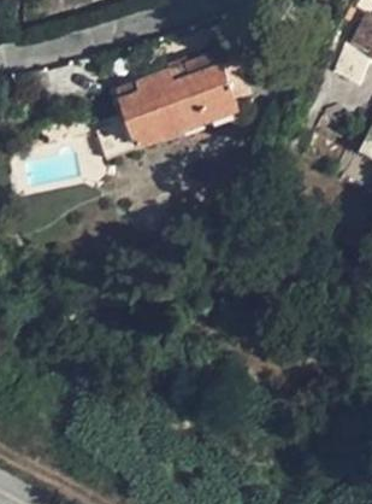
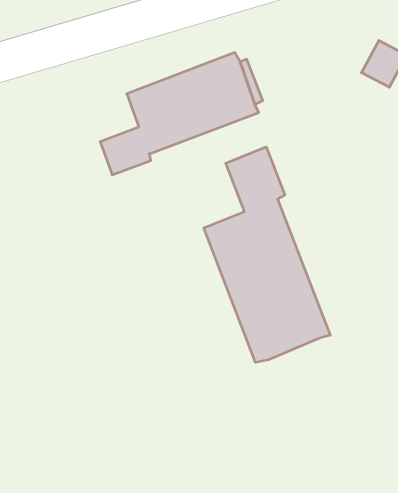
building: none -> [204,147,330,362]

